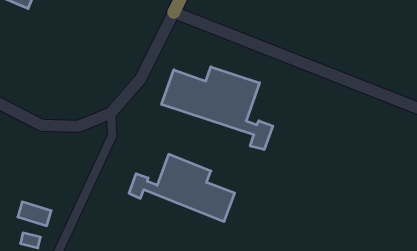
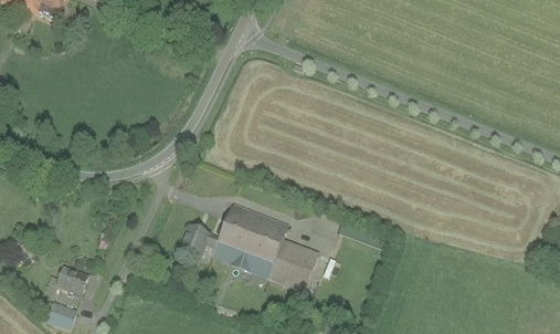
building: [162,67,273,150] -> none

